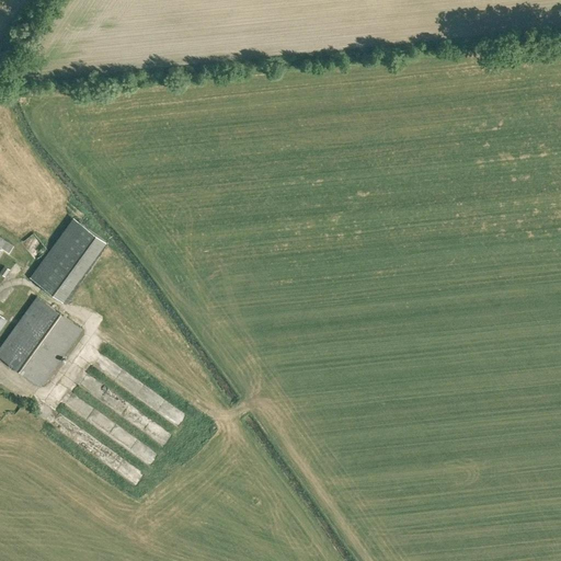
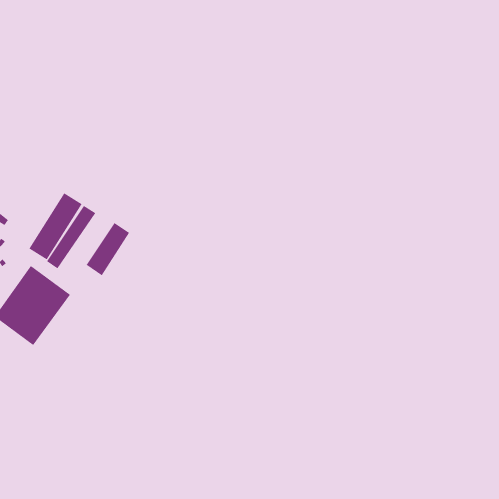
building: none -> [86,222,130,276]

